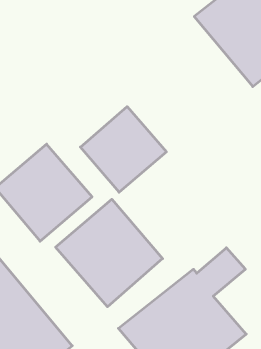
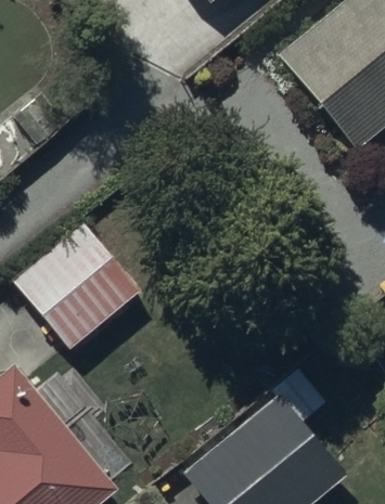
building: [80,107,166,192] -> none
building: [56,199,163,307] -> none

